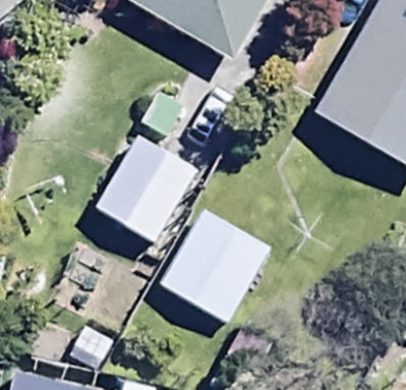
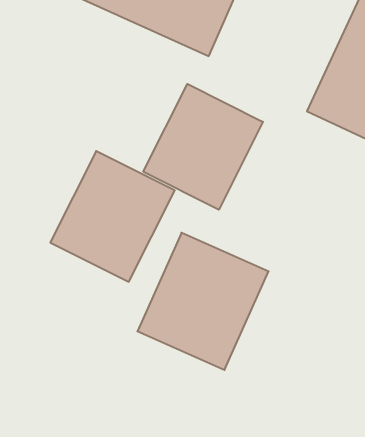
building: none -> [143,84,263,210]

